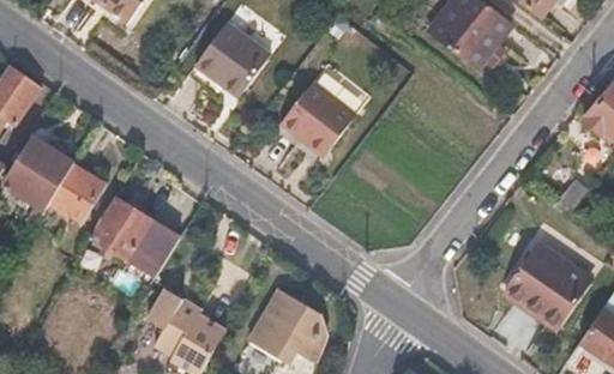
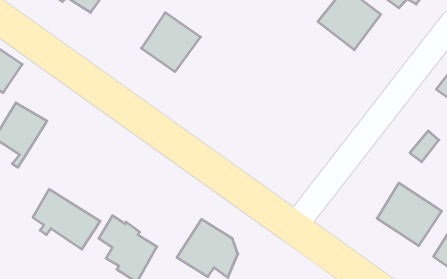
building: [282,77,360,153] -> none
building: [49,163,103,218] -> none
building: [91,197,180,276] -> [33,189,100,249]

